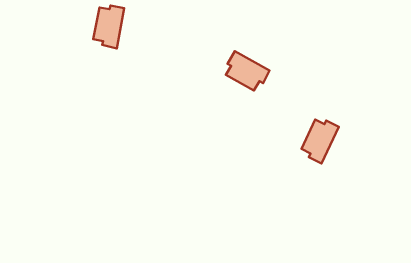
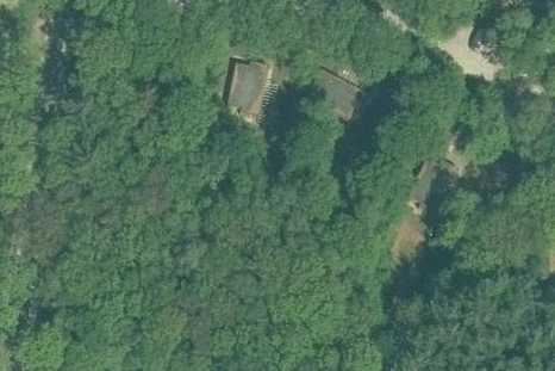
building: [93,6,124,48] -> [227,61,268,117]

